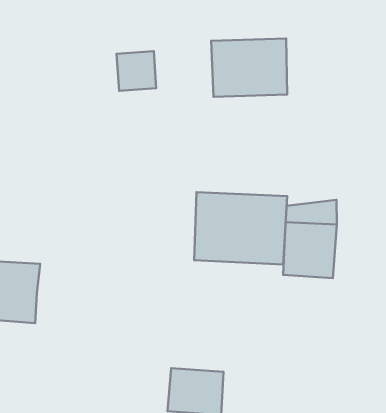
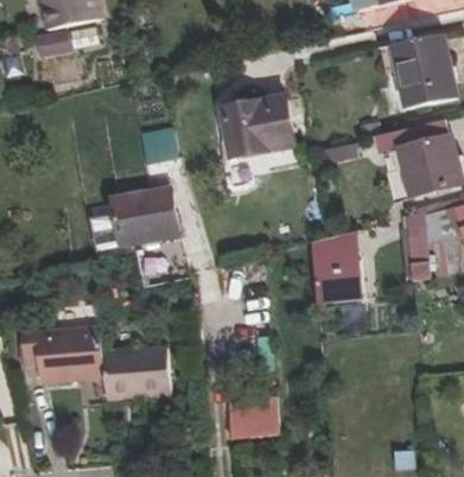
building: none -> [91,190,178,249]
building: [194,192,287,264] -> none
building: none -> [102,345,171,400]

